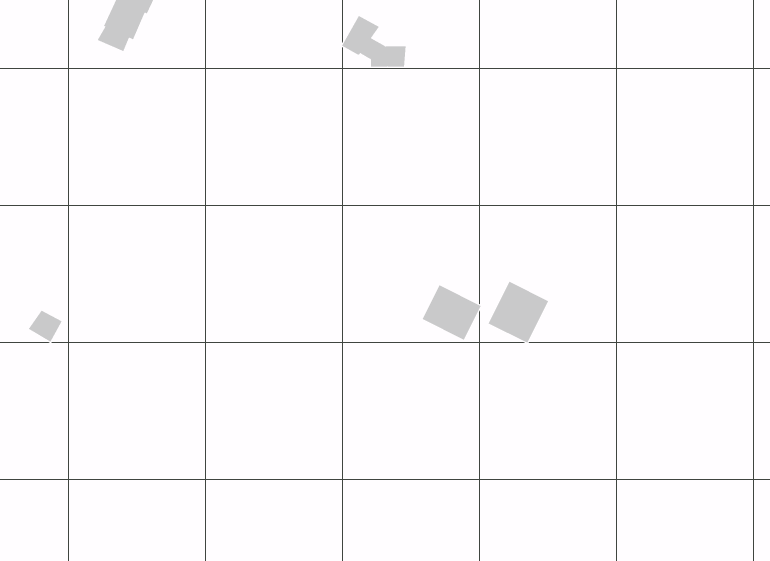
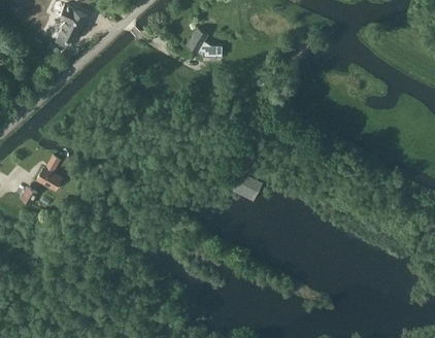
building: none -> [36,155,61,189]
building: [488,281,549,344] -> none

